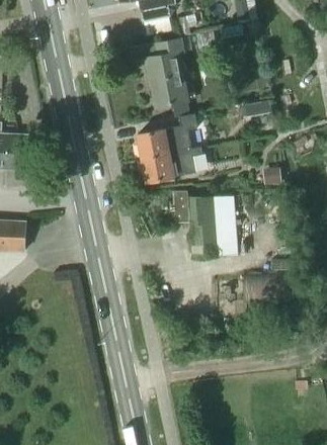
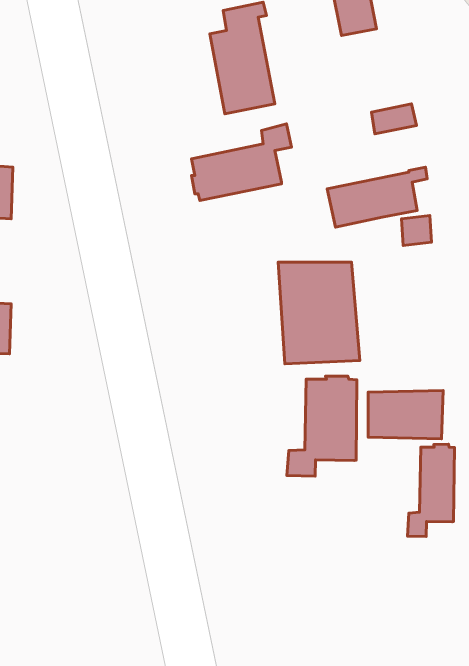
building: [140,146,200,182] -> [327,167,427,227]
building: none -> [287,376,357,476]
building: none -> [407,444,455,536]

